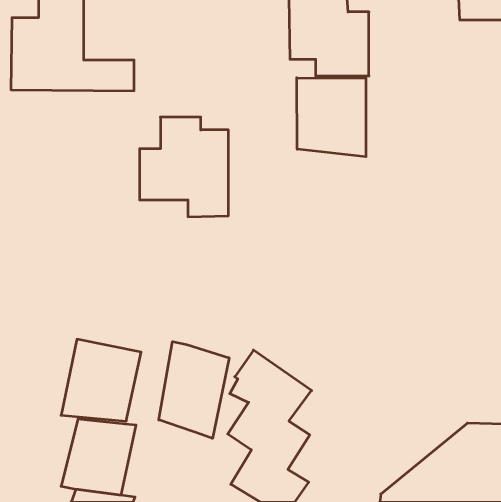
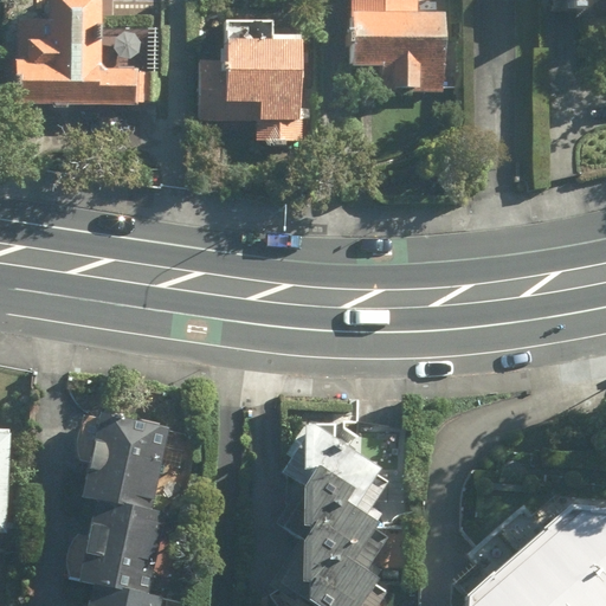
building: [297,78,366,157] -> none
building: [140,117,228,217] -> [200,24,307,143]
building: [159,342,229,438] -> none

